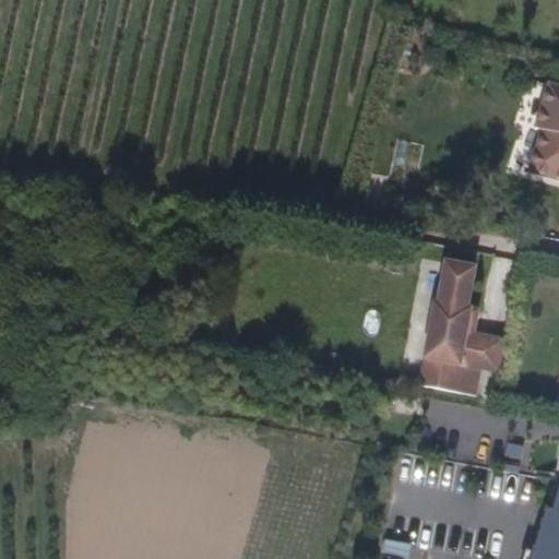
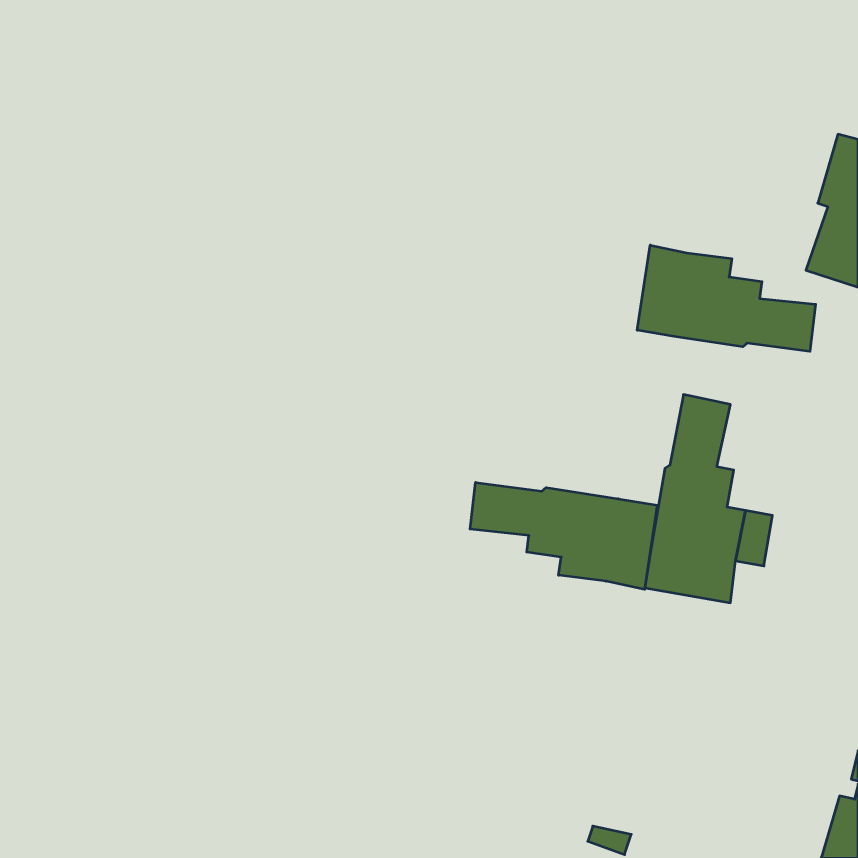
building: none -> [637,245,816,351]
building: none -> [470,482,657,589]

